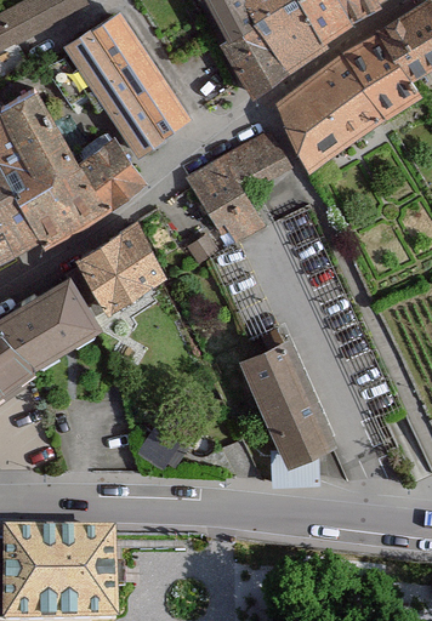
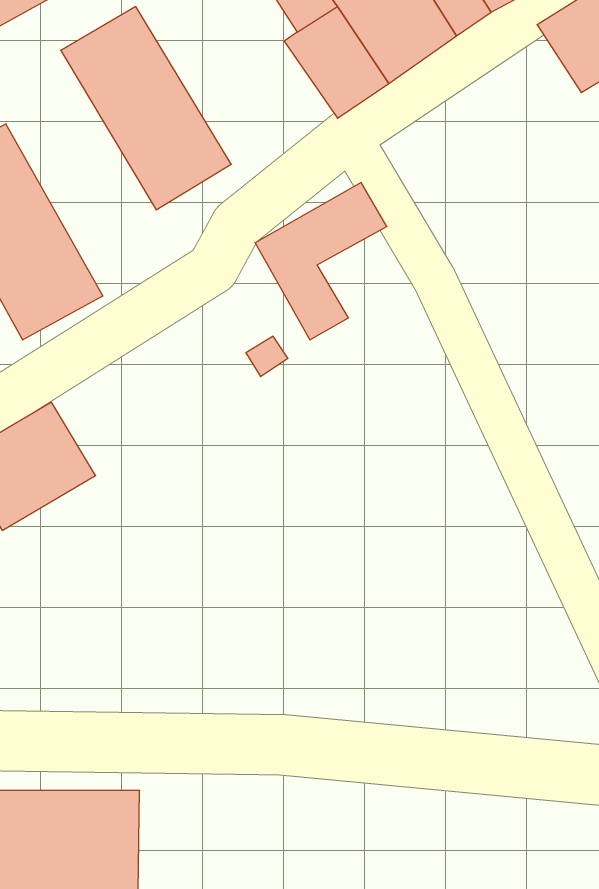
building: [275,40,414,161] -> none
building: [81,143,138,201] -> none
building: [75,229,161,308] -> none
building: [241,343,336,468] -> none

